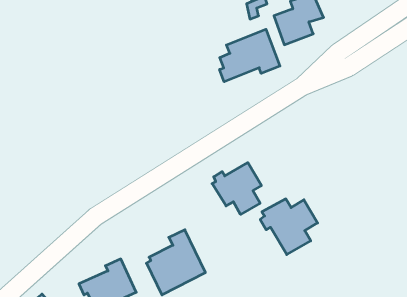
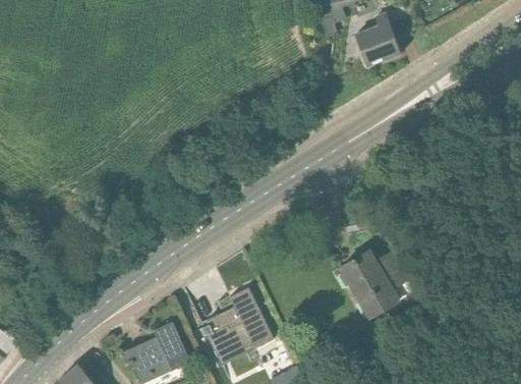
building: [220,29,280,82] -> none
building: [212,163,261,214] -> none

